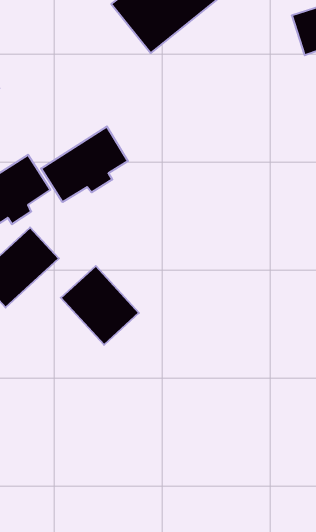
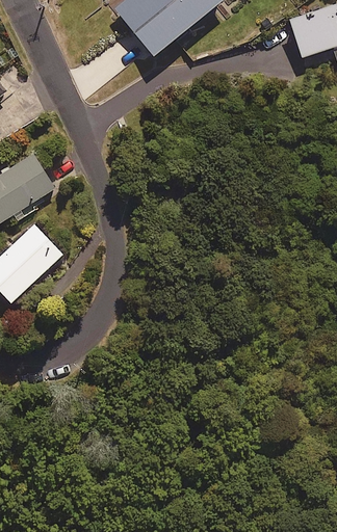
building: [41,126,128,202] -> none
building: [61,266,139,345] -> none

